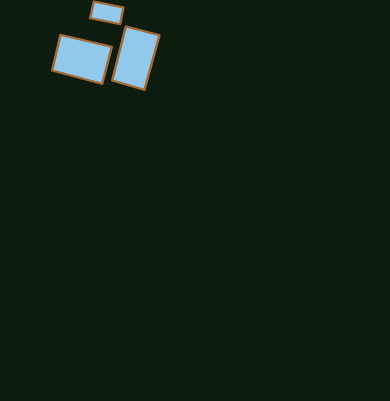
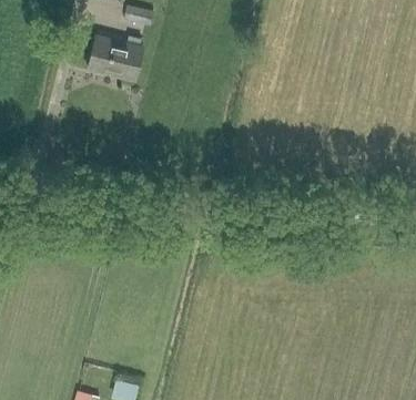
building: [112,27,160,90] -> none

